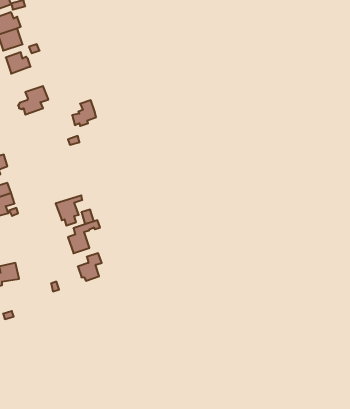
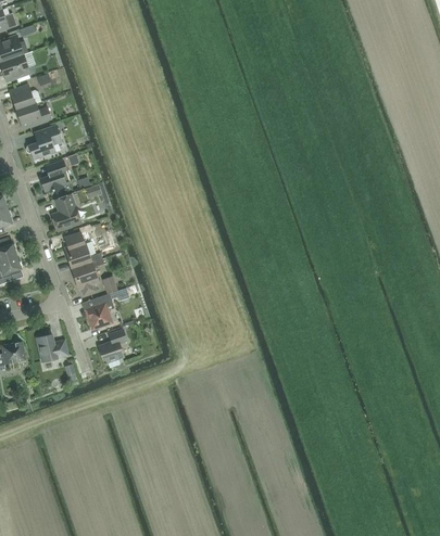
building: none -> [16,102,51,128]
building: [72,100,96,126] -> [40,159,70,191]
building: none -> [52,195,77,230]
building: none -> [64,232,102,268]
building: none -> [36,334,67,361]

